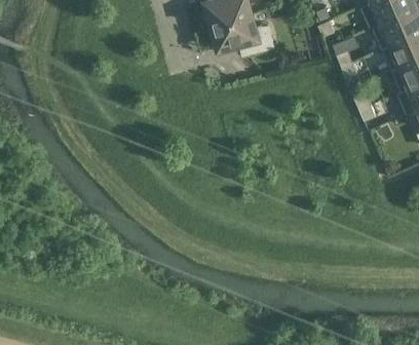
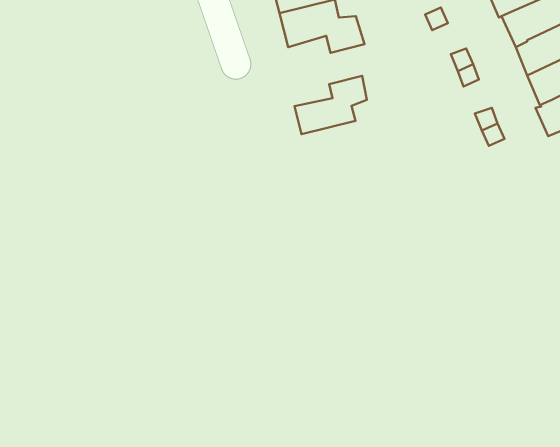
building: none -> [295,76,367,134]

